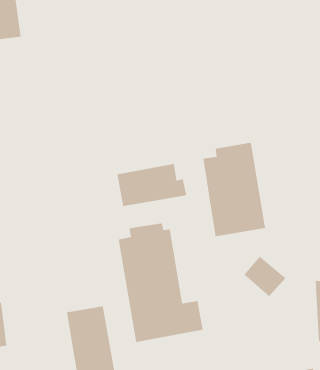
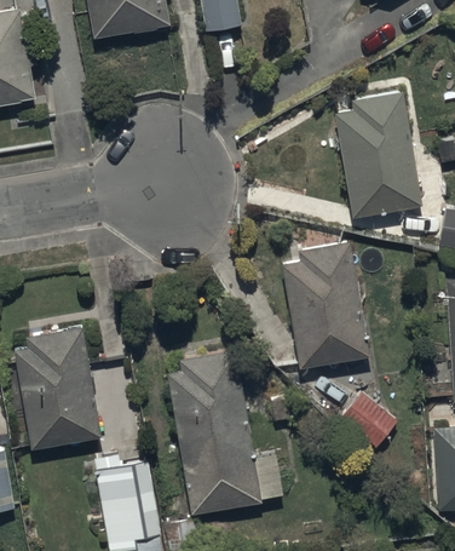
building: none -> [334,92,424,219]
building: [117,163,187,207] -> none
building: none -> [16,326,100,447]

